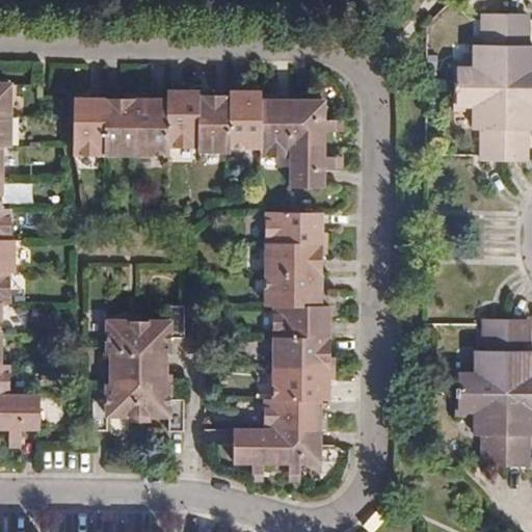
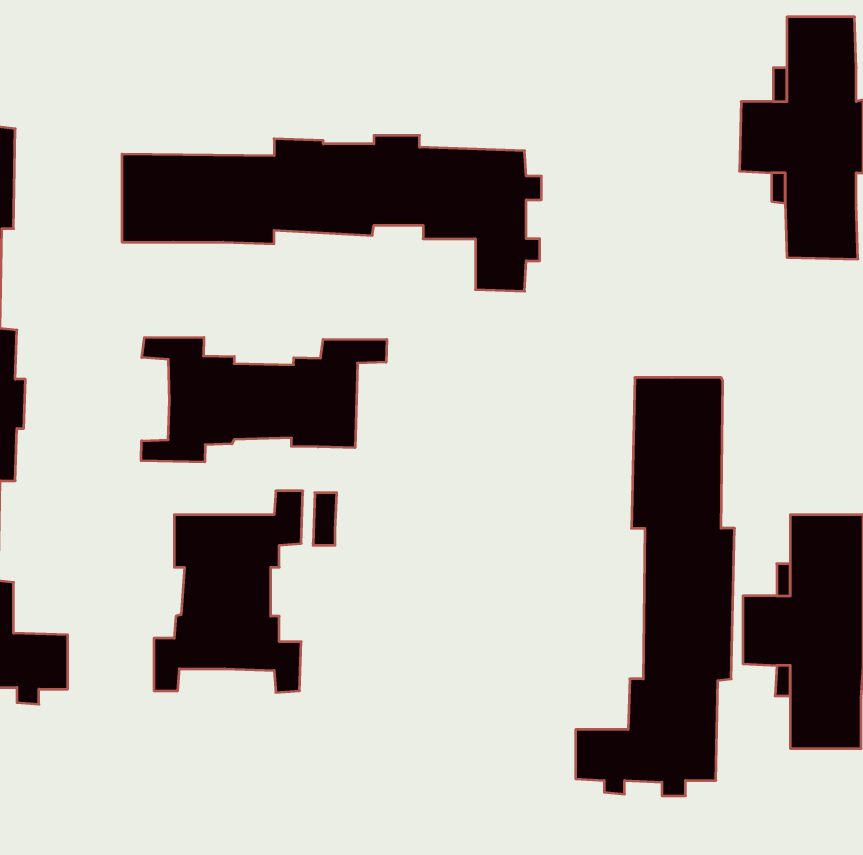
building: [233,209,330,466] -> [576,378,735,796]
building: none -> [141,337,387,462]

